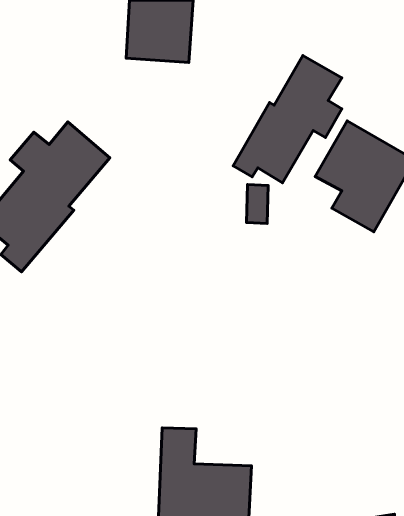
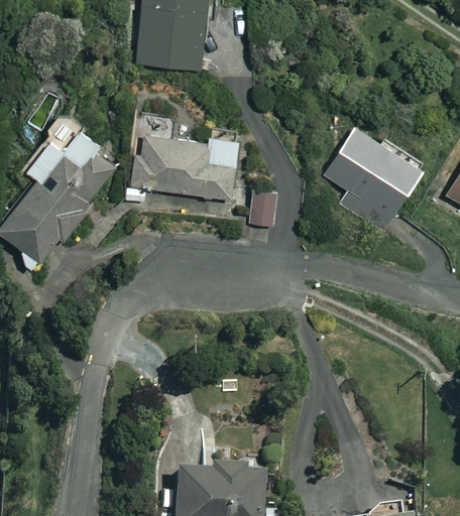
building: [233,55,342,183] -> none
building: none -> [129,133,240,206]

